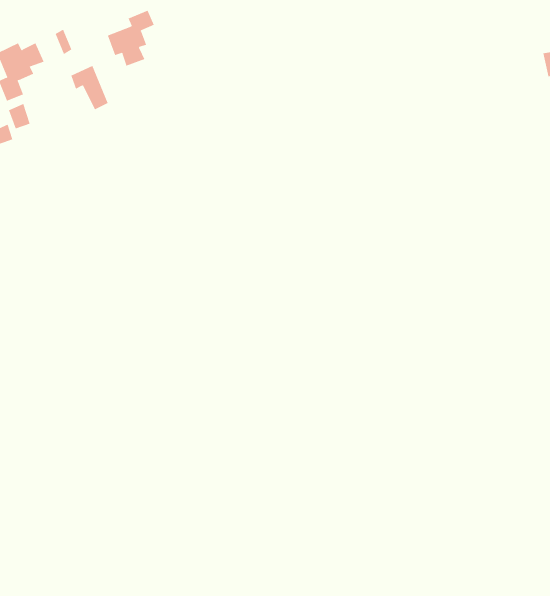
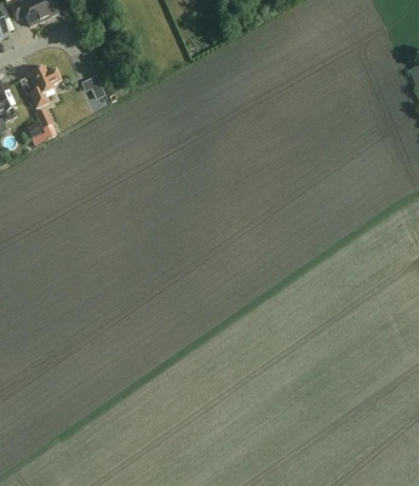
building: [107,10,155,67] -> none

